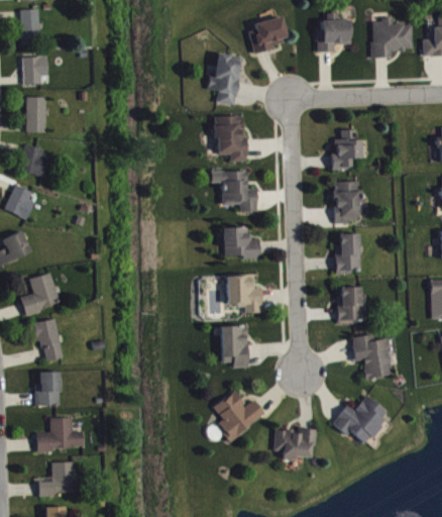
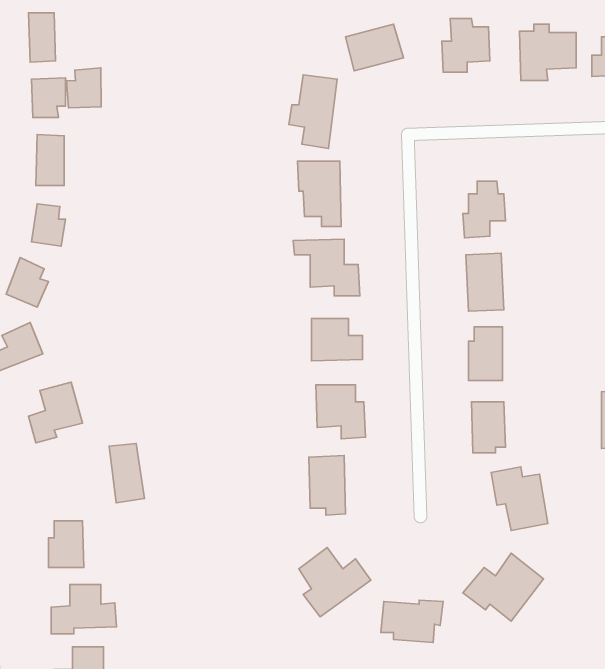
building: none -> [67,68,101,108]
building: [37,319,63,361] -> [109,443,145,503]

